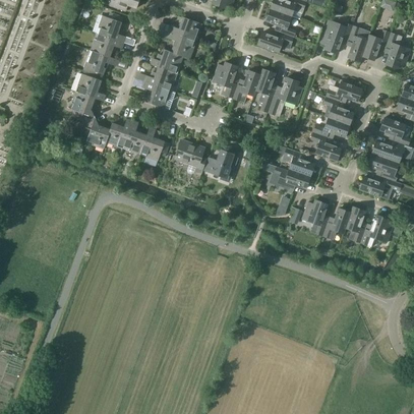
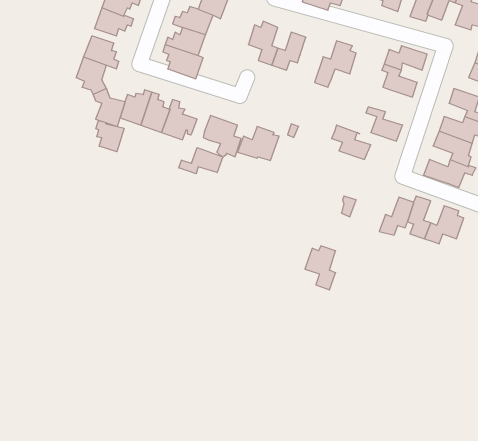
building: [255,68,275,112] -> none
building: [312,117,349,137] -> none
building: none -> [96,121,124,152]
building: [265,163,309,190] -> none
building: none -> [179,148,223,174]
building: [301,199,327,236] -> [305,246,336,290]

